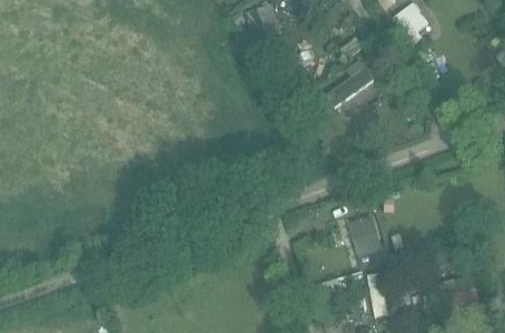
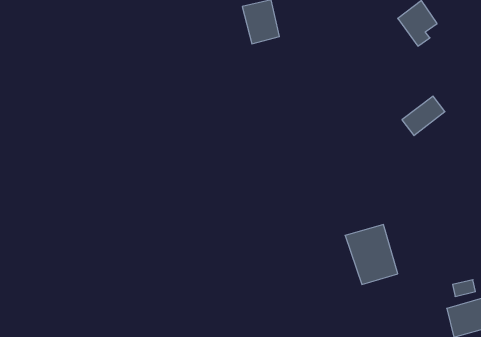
building: [331,71,372,108] -> [402,96,445,136]

